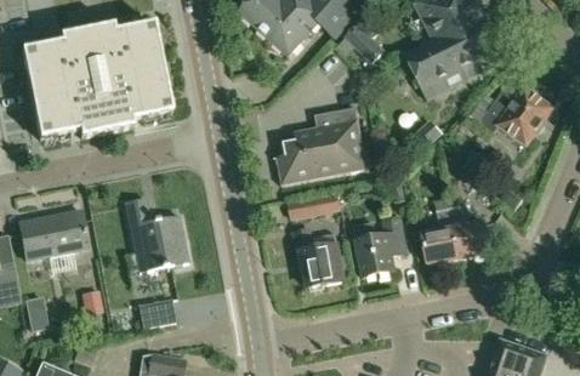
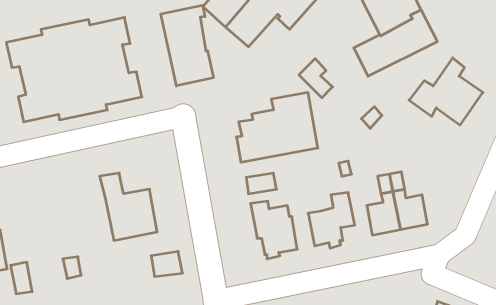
building: none -> [161,5,213,86]
building: [347,18,385,62] -> [299,59,333,98]
building: [19,210,89,258] -> none
building: [141,298,176,326] -> [151,251,183,276]

